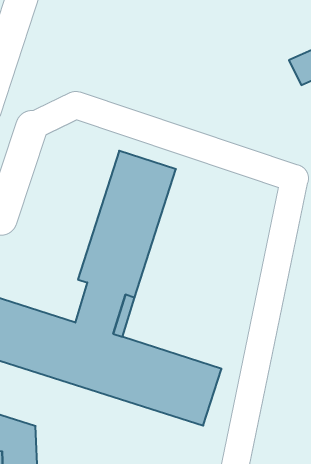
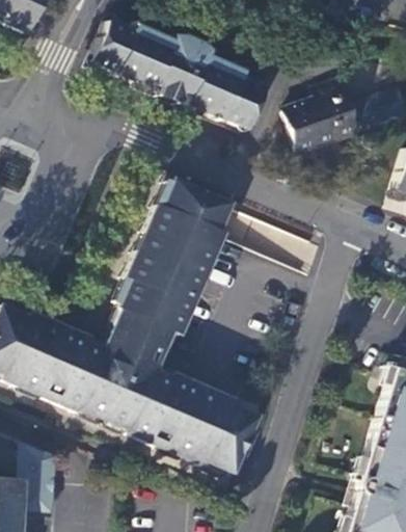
building: none -> [91,23,268,135]
building: none -> [288,81,360,154]

